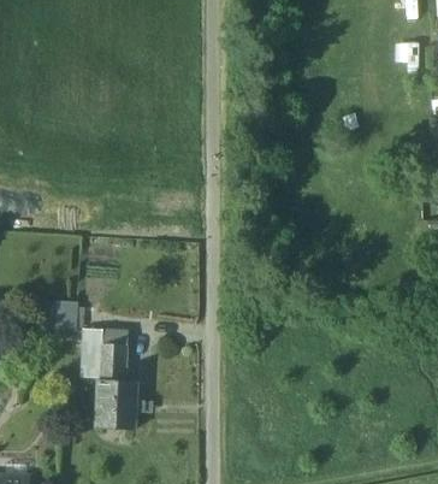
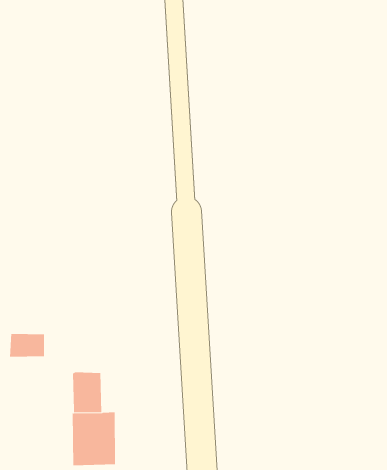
building: [79,330,101,379] -> none

